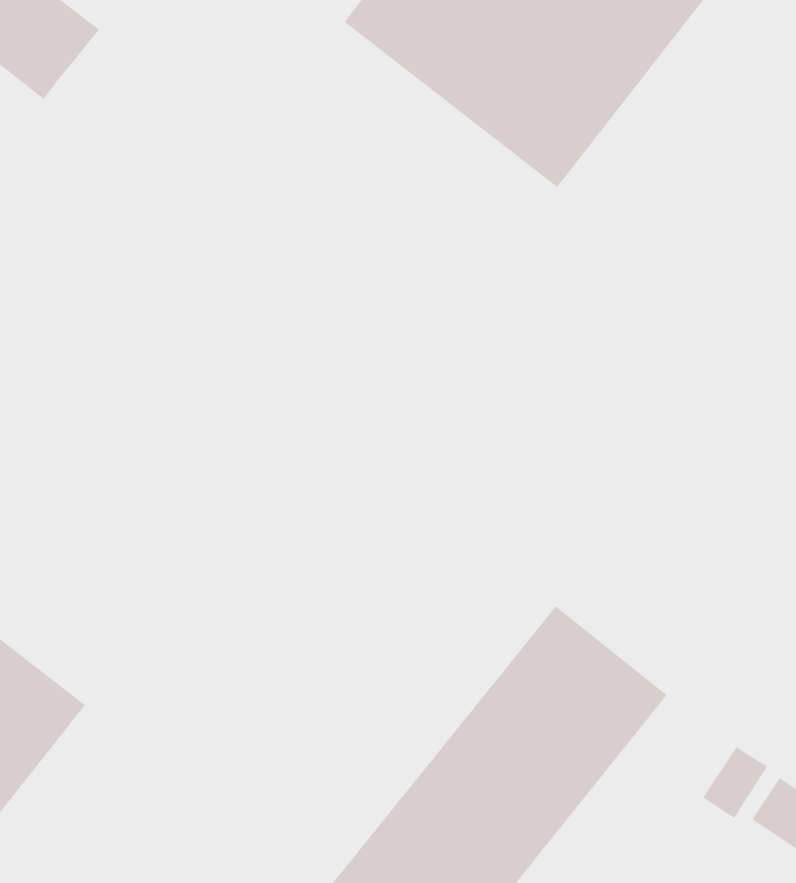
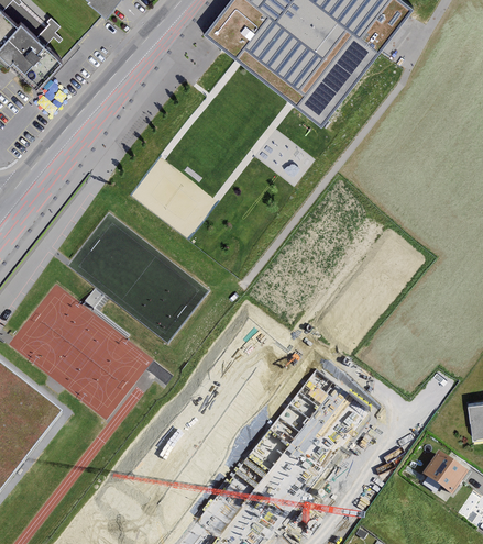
building: [702,747,768,819] -> none

